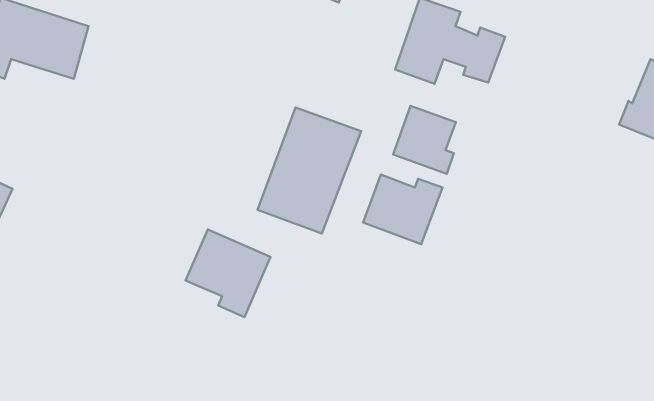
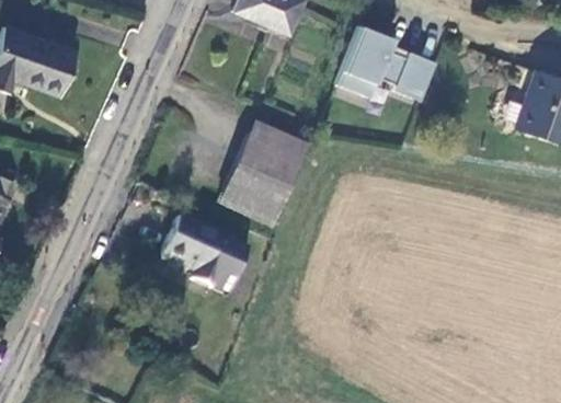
building: [393,106,456,174] -> none
building: [363,174,442,244] -> none

